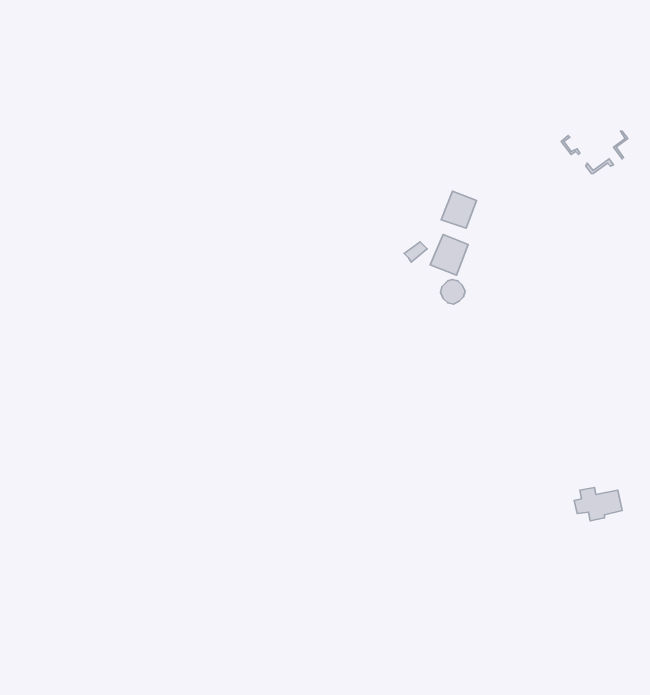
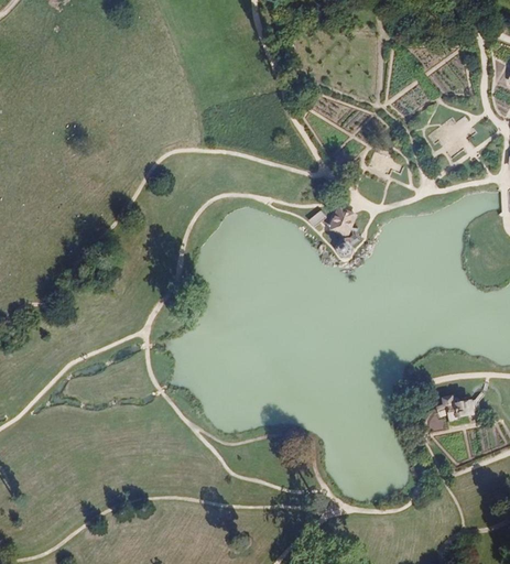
building: [441,191,476,228] -> none

